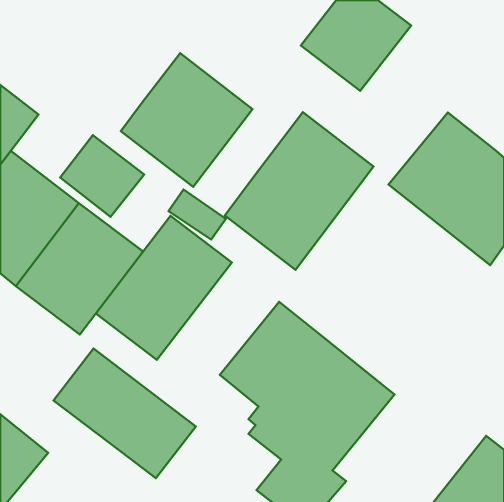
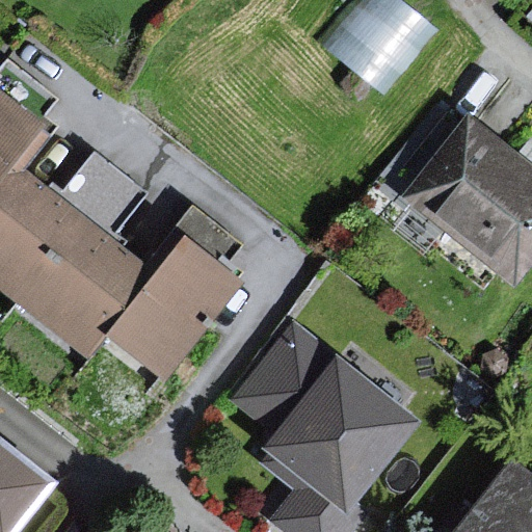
building: [121,53,252,187] -> none
building: [225,112,374,270] -> none
building: [54,349,196,478] -> none

